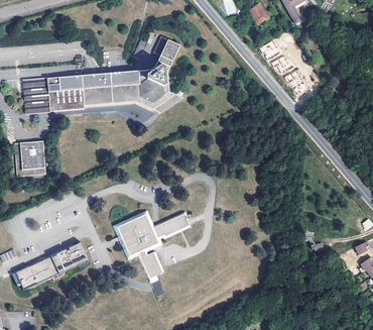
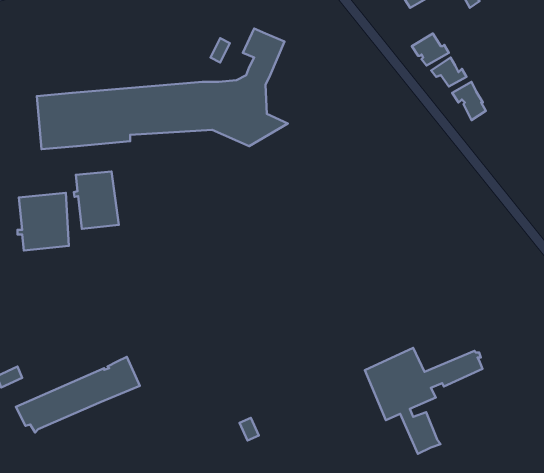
building: none -> [74,171,119,229]
building: [114,210,188,277] -> [365,348,482,454]

